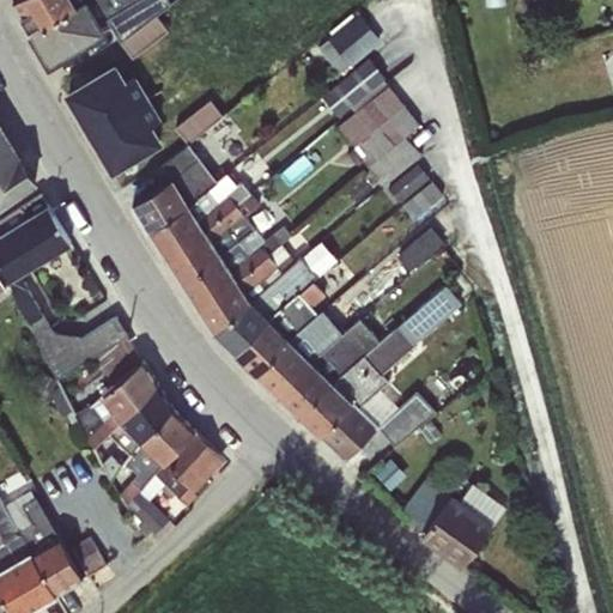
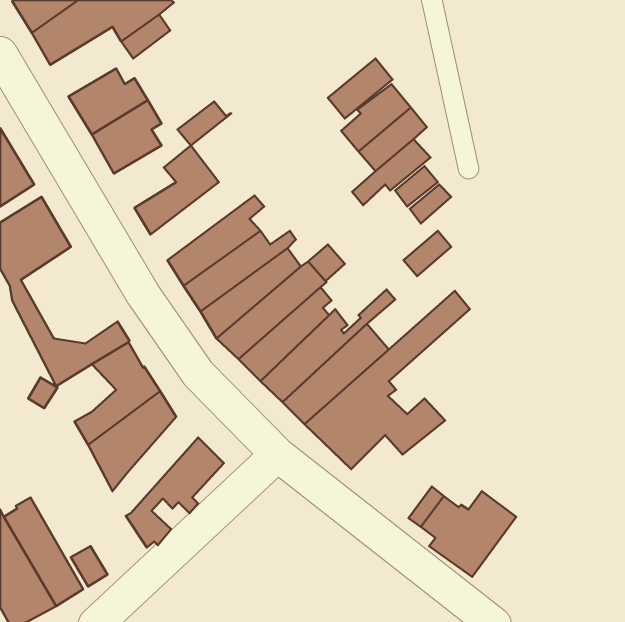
building: [317,14,381,75] -> none
building: [147,174,249,257] -> none
building: [117,411,194,505] -> none

